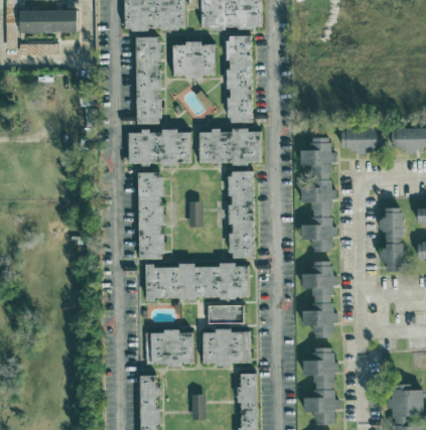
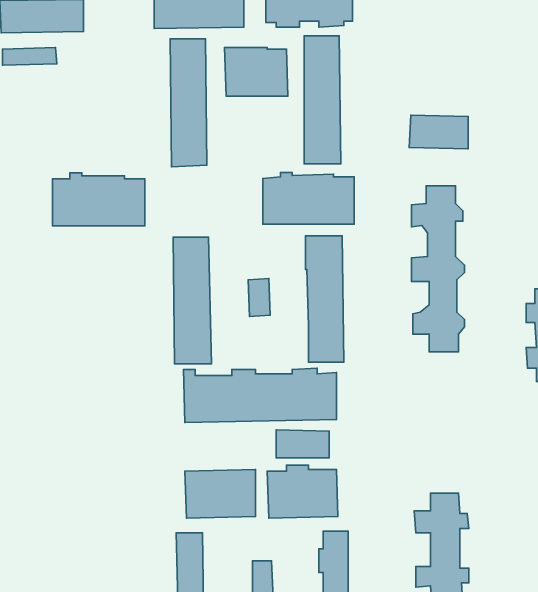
building: [128,128,191,164] -> [52,173,145,226]
building: [340,128,381,151] -> [409,115,468,149]
building: [301,261,337,336] -> none

